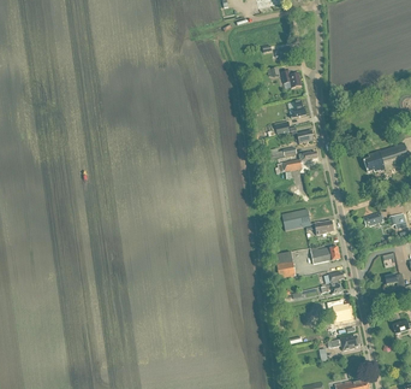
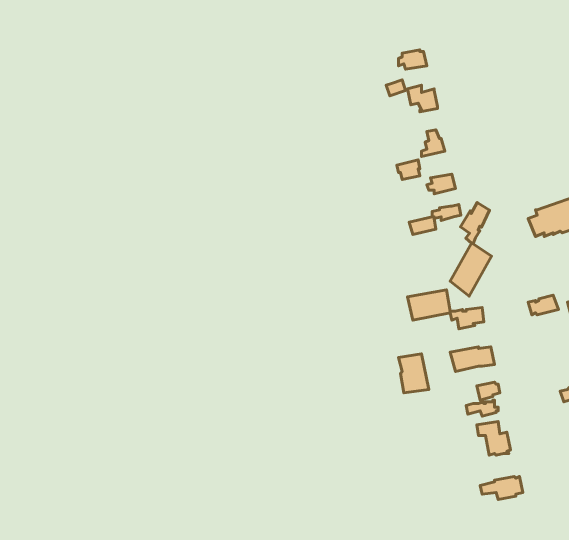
building: none -> [450,203,491,296]

